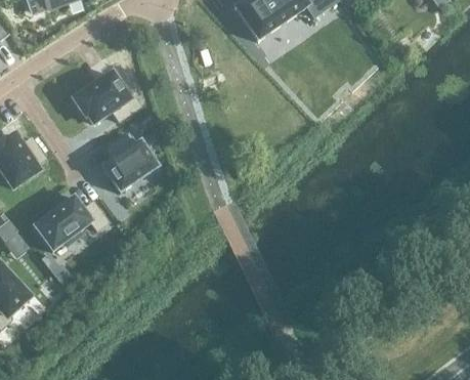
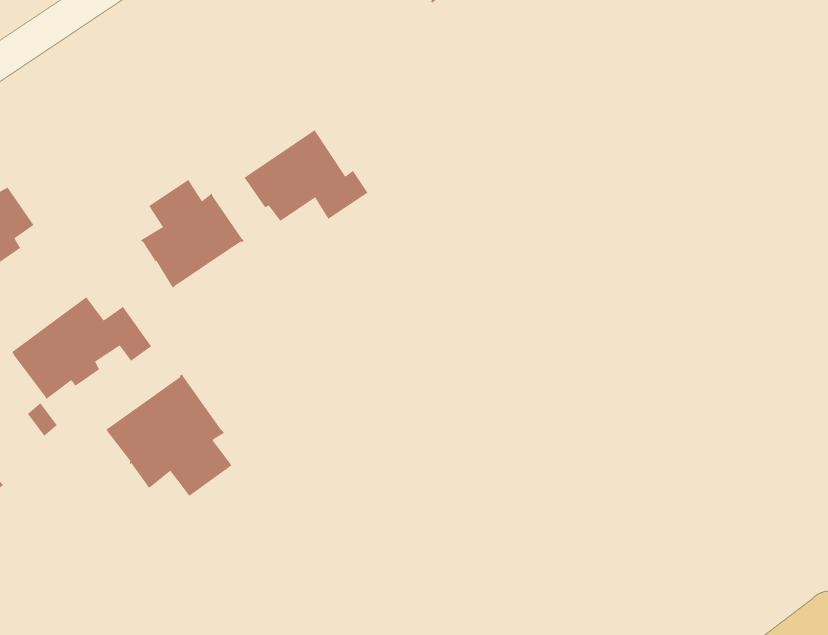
building: [73,72,139,121] -> [244,129,369,222]
building: none -> [105,373,233,497]

